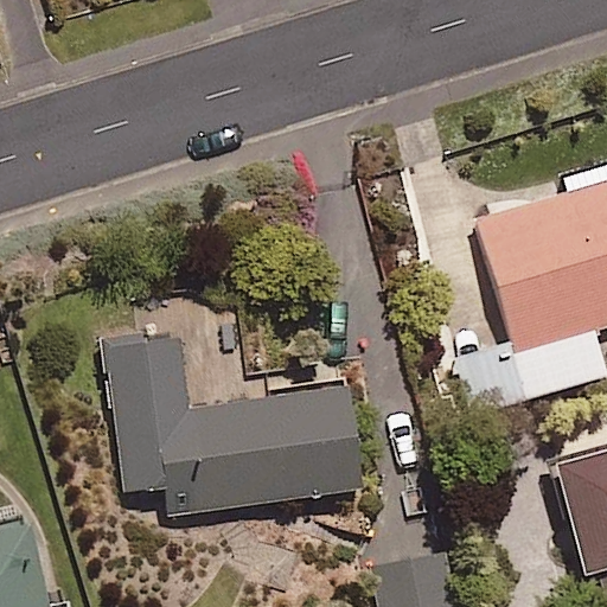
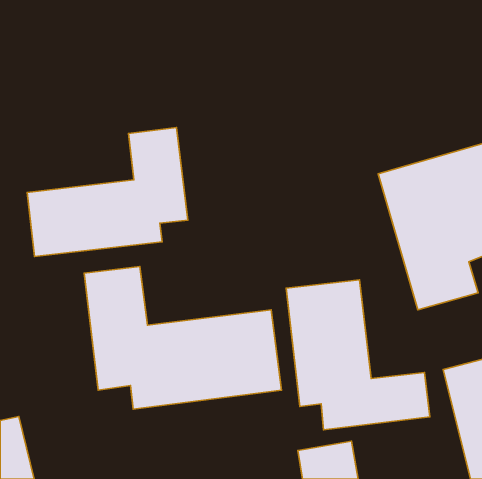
building: none -> [27,127,188,256]
building: none -> [286,280,430,430]

